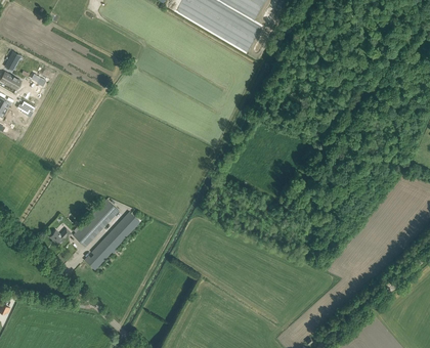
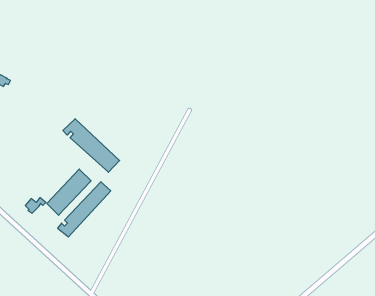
building: none -> [63,119,120,172]

